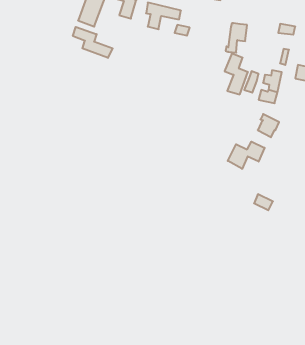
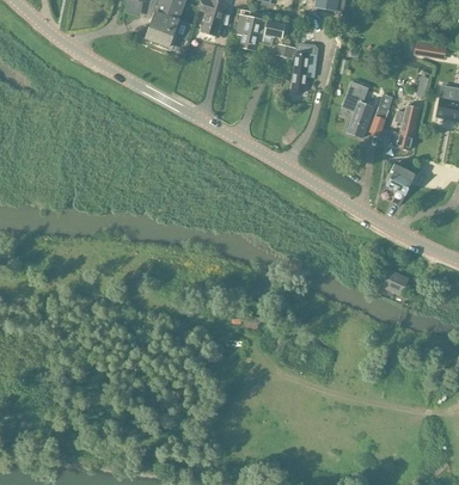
building: [226,23,247,53] -> [289,51,318,91]
building: [73,27,113,58] -> none
building: [228,142,265,169] -> none

